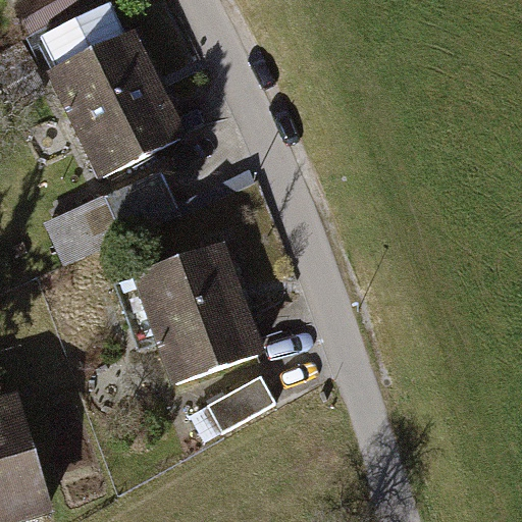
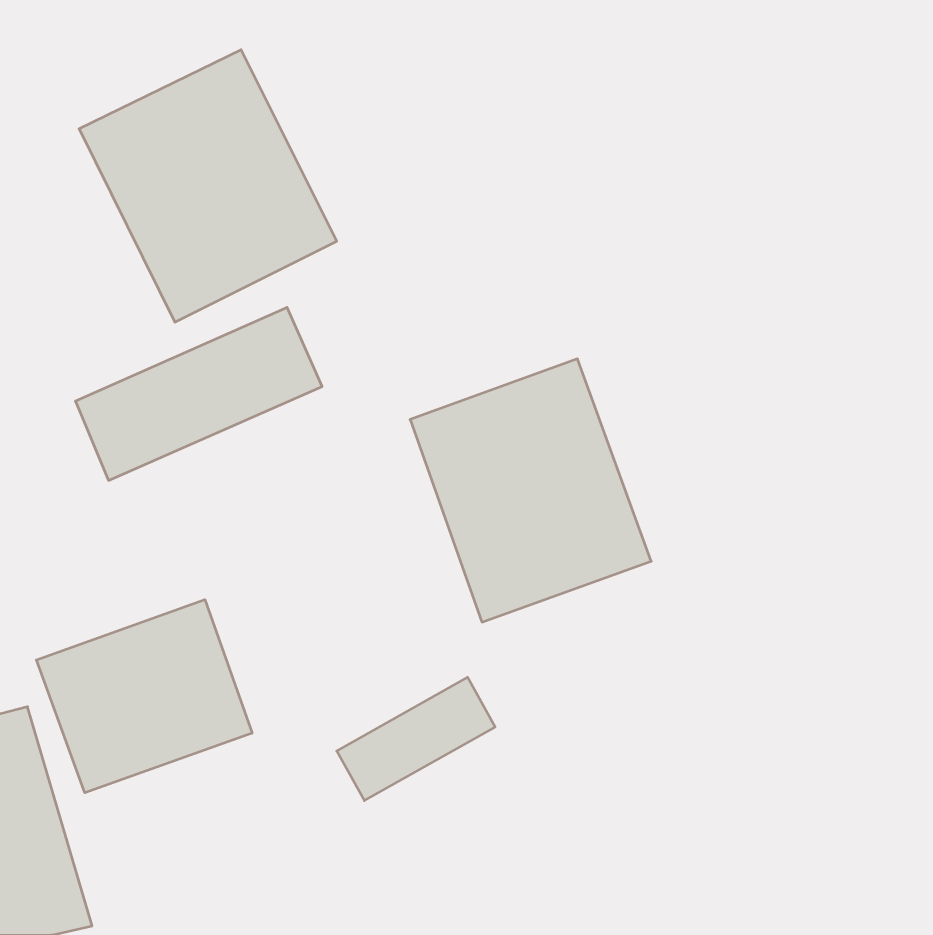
building: [129,240,263,385] -> [410,359,651,622]
building: none -> [36,600,252,793]

